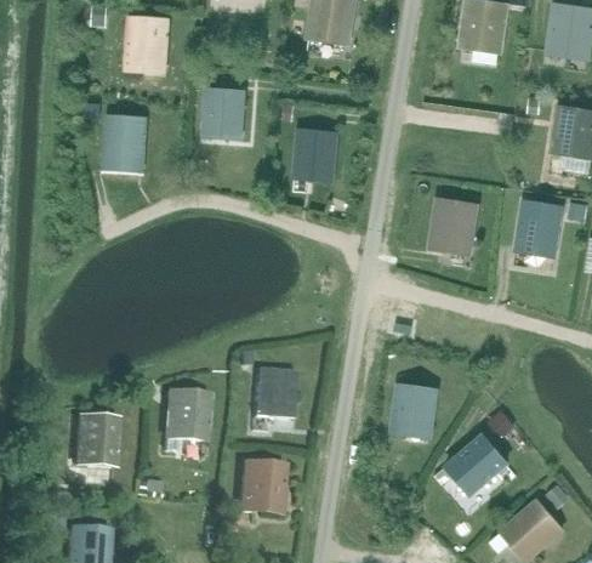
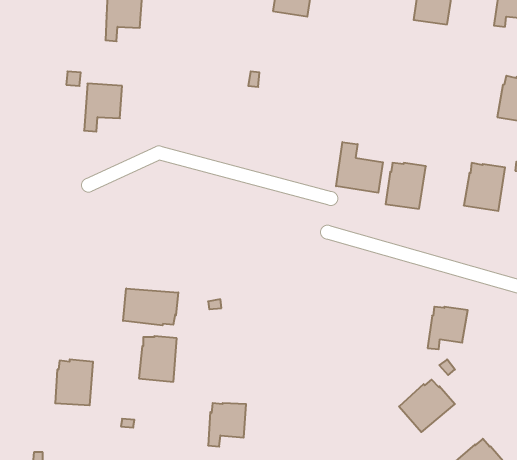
building: [205,90,245,136] -> none
building: [296,131,338,177] -> none
building: none -> [336,142,383,193]
building: none -> [123,288,178,325]
building: [254,366,295,416] -> none
building: [394,386,438,432] -> [428,307,468,349]

